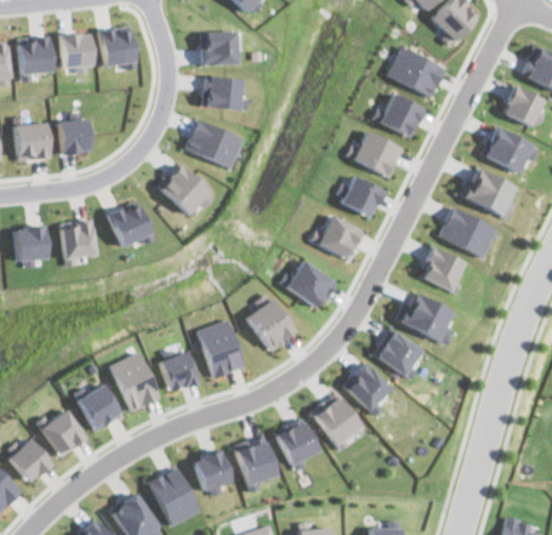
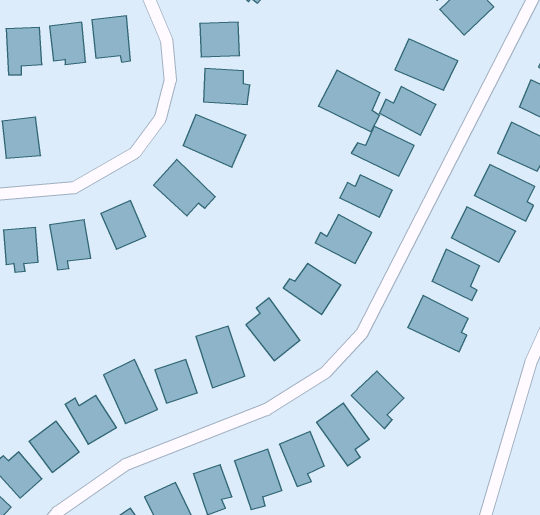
building: none -> [318,70,380,132]
building: [57,110,90,154] -> none
building: [375,328,425,380] -> none

